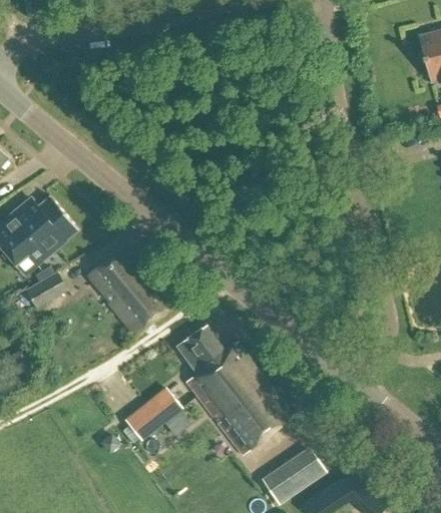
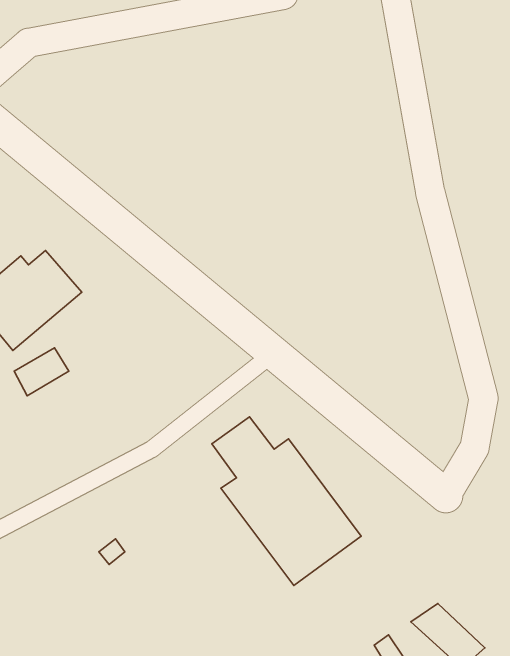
building: [88,251,171,336] -> none
building: [123,387,181,442] -> none
building: [260,449,322,504] -> none

